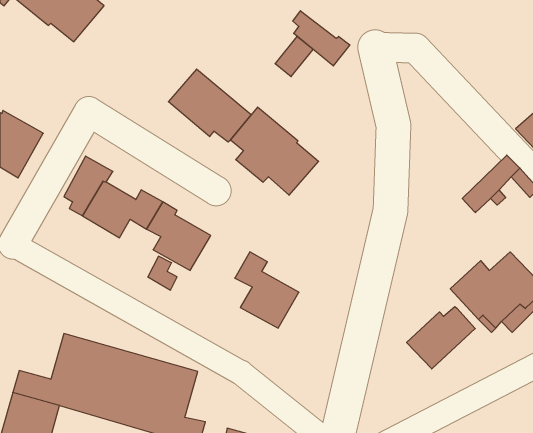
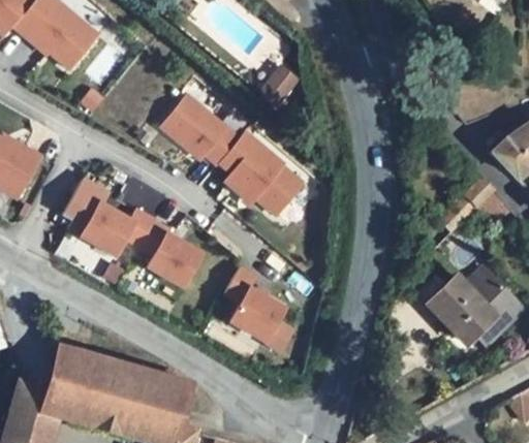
building: [293,11,350,66] -> none
building: [407,307,475,369] -> none

